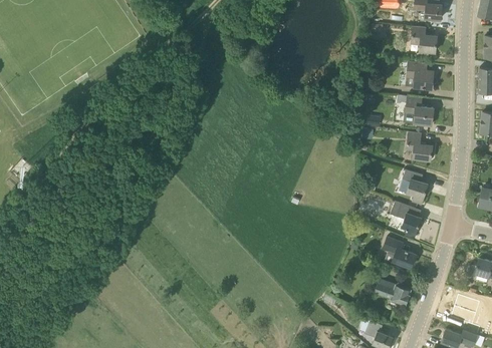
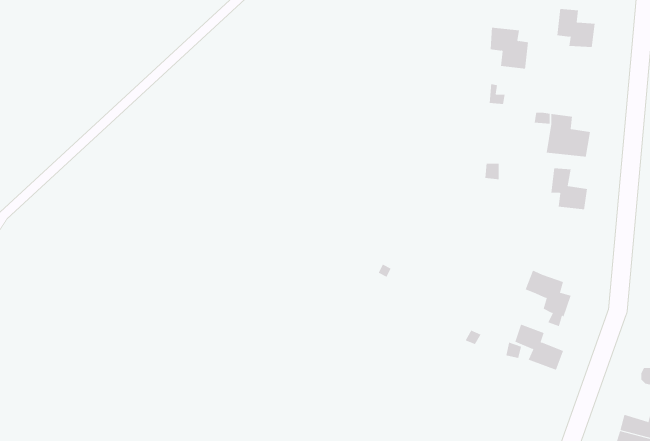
building: [407,61,433,89] -> [490,27,529,69]
building: [403,169,427,204] -> none
building: [374,283,411,304] -> none

